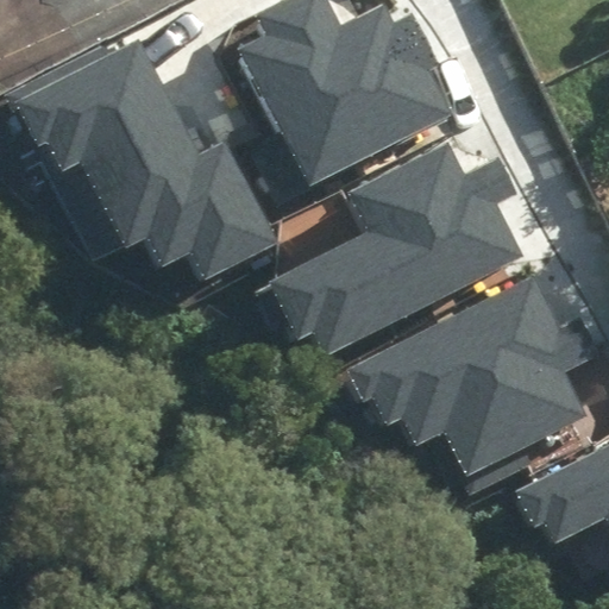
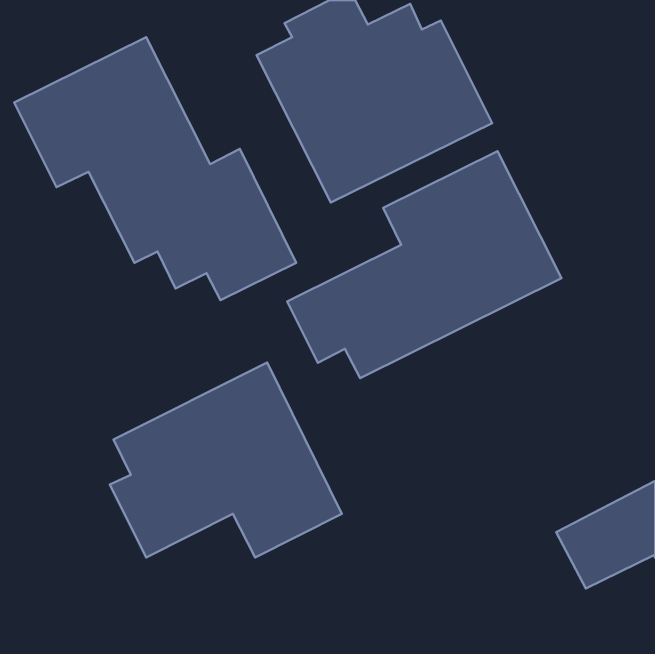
building: [346,268,591,471] -> none
building: none -> [110,363,342,558]

